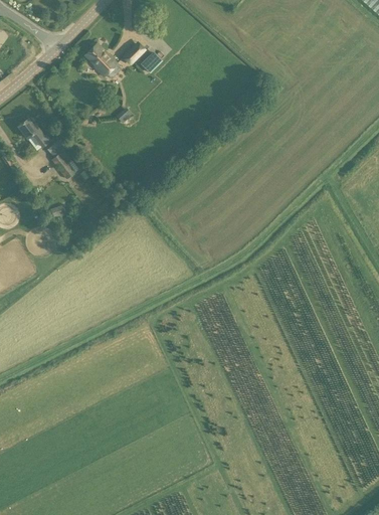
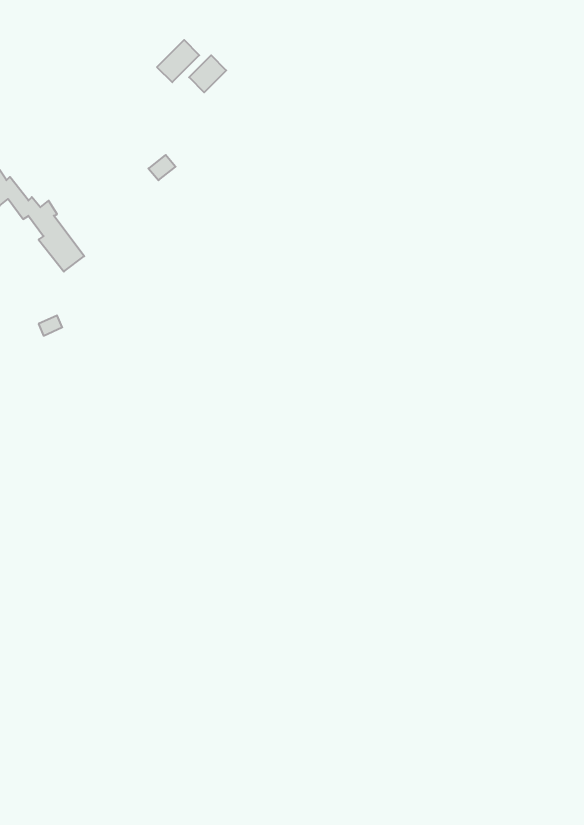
building: [83,44,116,77] -> none

